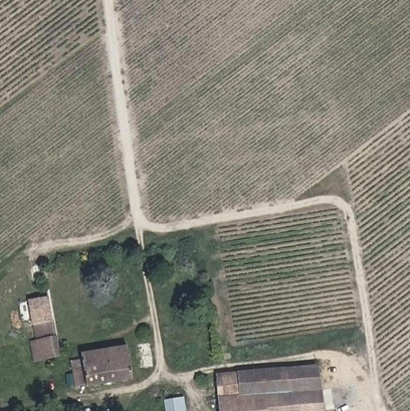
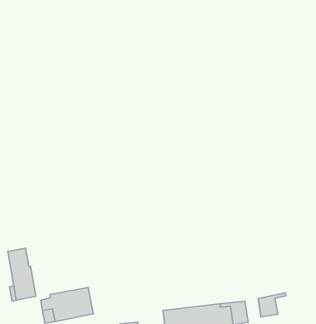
building: none -> [258,293,286,317]

